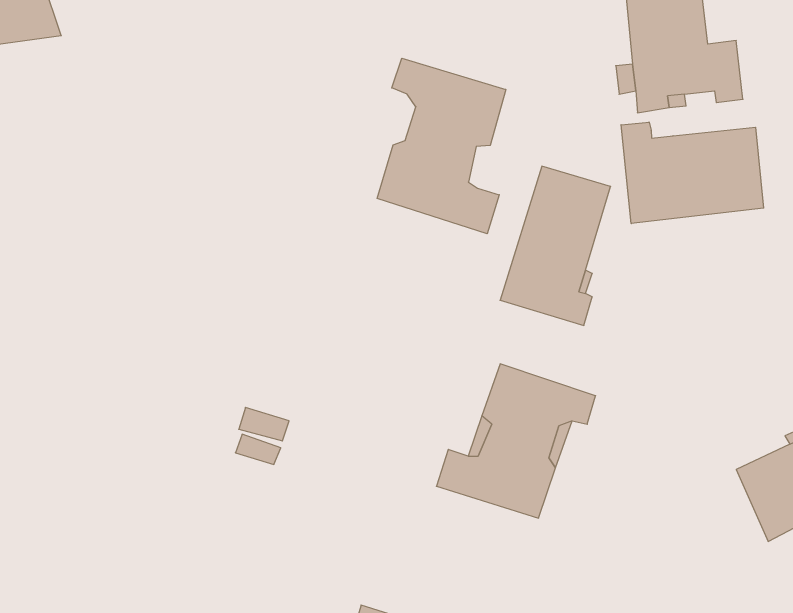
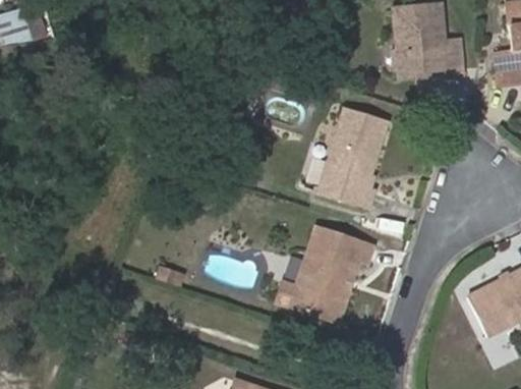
building: [377,58,506,234] -> none
building: [621,122,764,224] -> none

